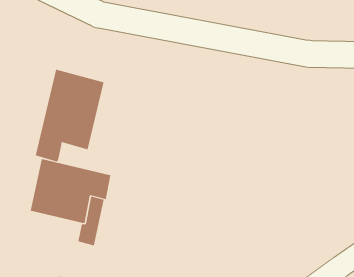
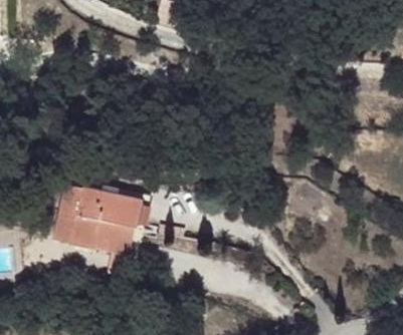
building: [35,69,104,162] -> none

